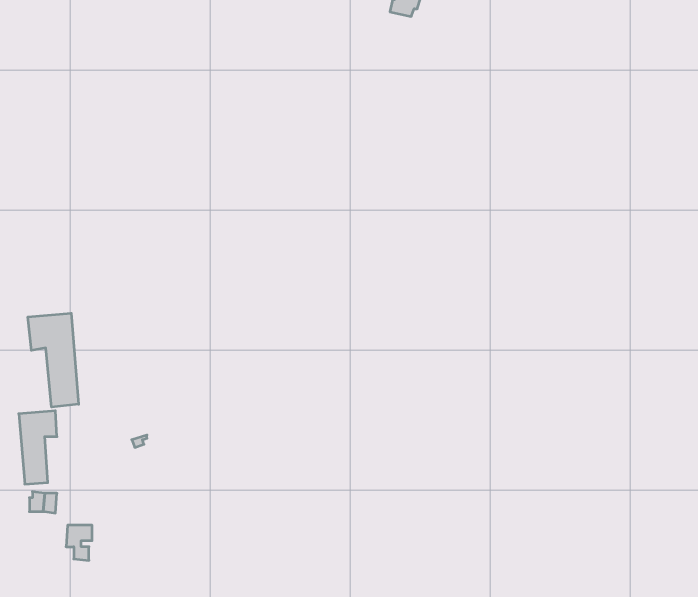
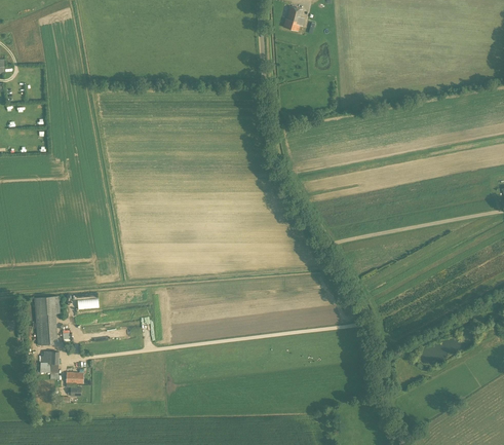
building: [28,313,79,407] -> none

